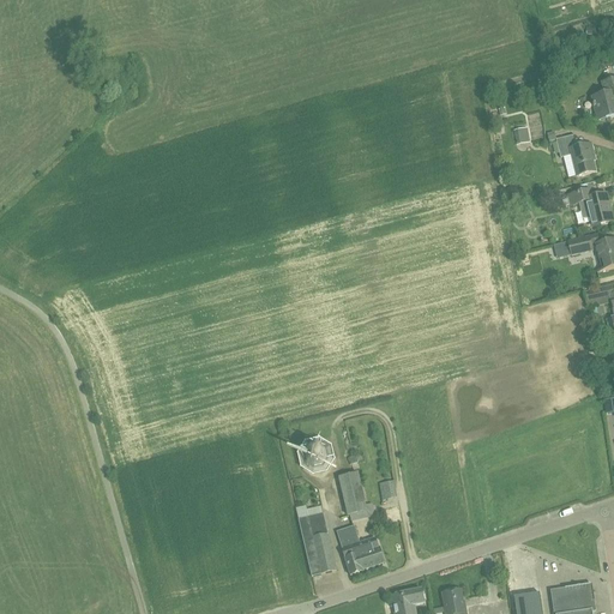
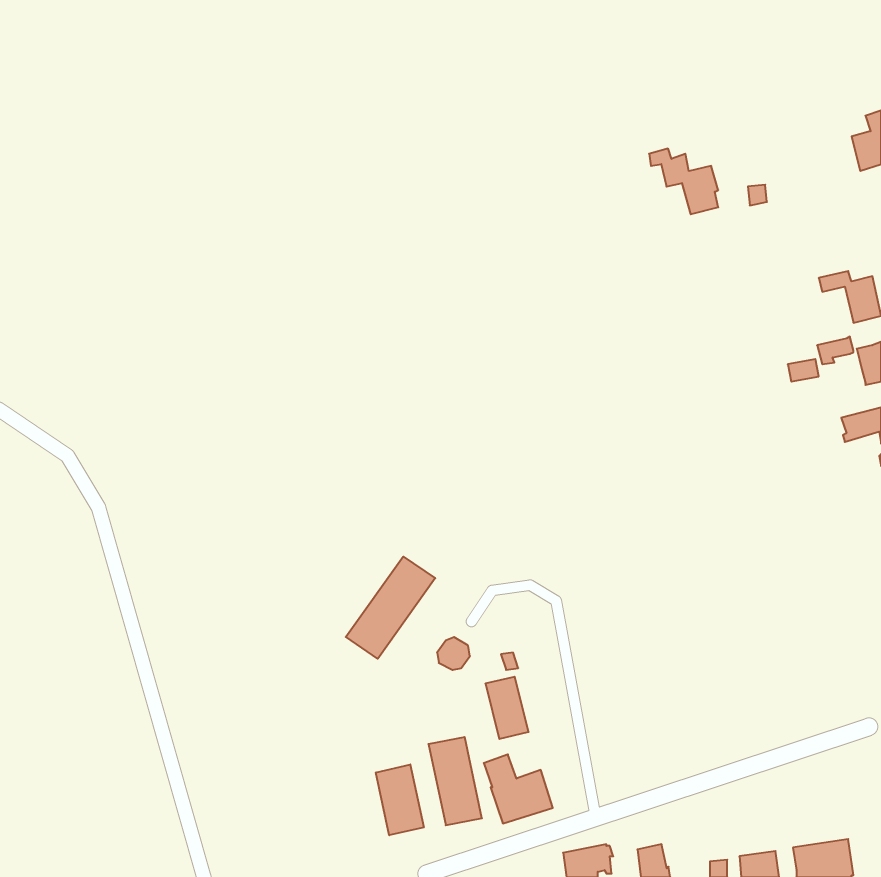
building: [547,128,595,174] -> [649,149,718,214]
building: none -> [346,557,435,659]
building: none -> [376,764,424,835]

